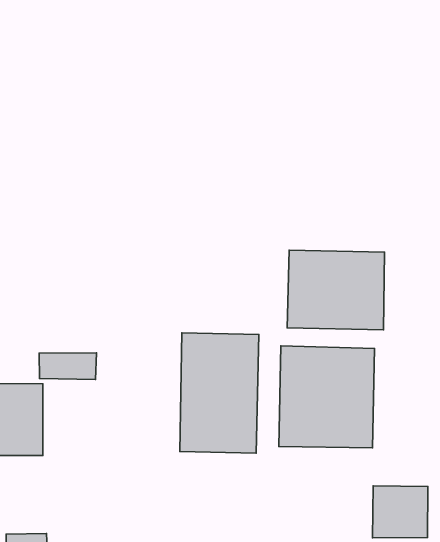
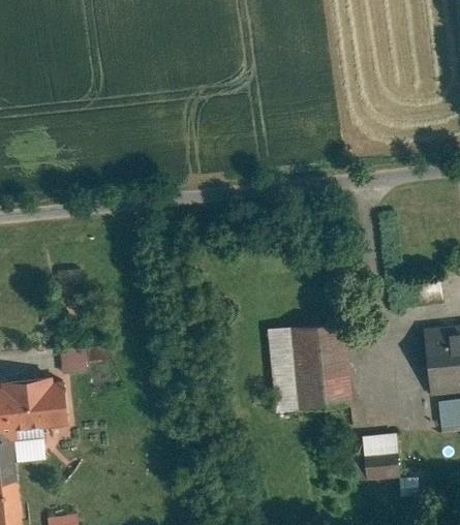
building: [287,250,384,330] -> none
building: [180,333,259,453] -> none

